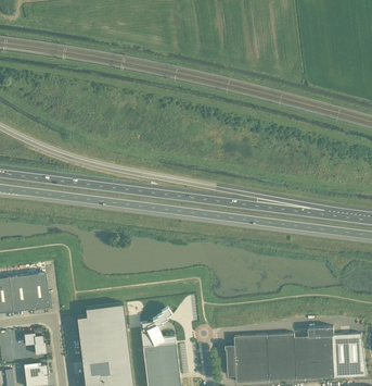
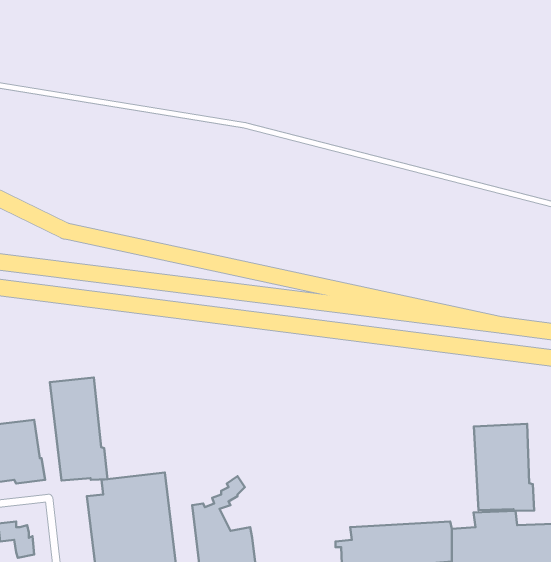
building: none -> [50,378,108,480]
building: none -> [474,424,534,511]

